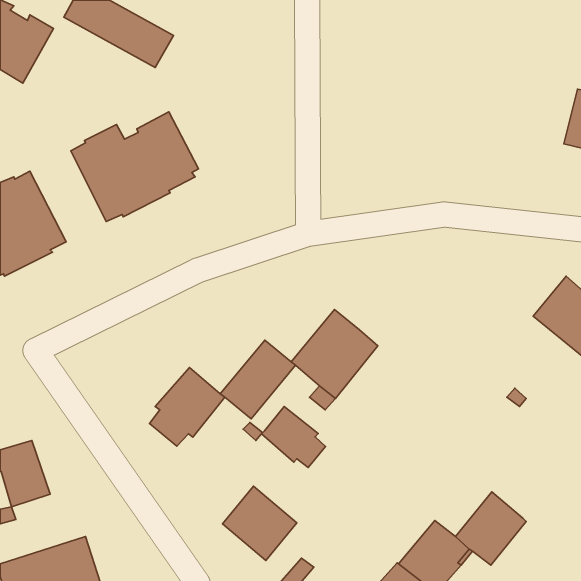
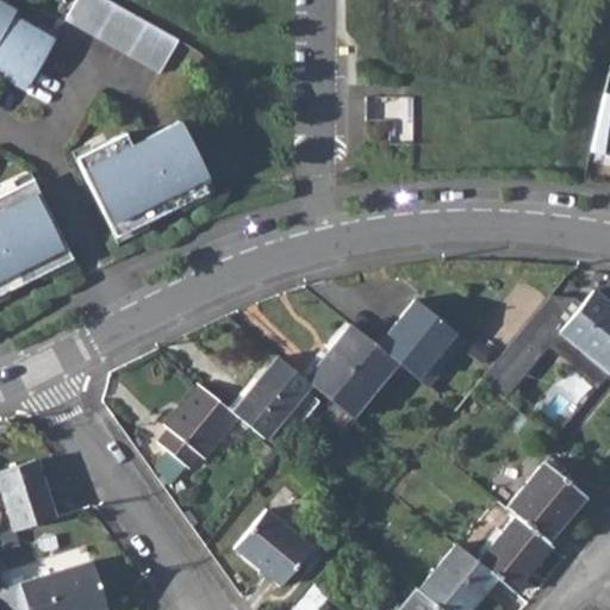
building: none -> [378,300,466,388]
building: [261,407,326,467] -> none
building: none -> [506,463,585,543]

